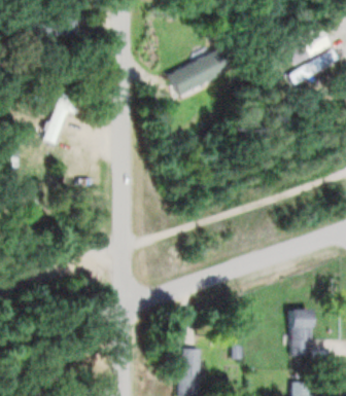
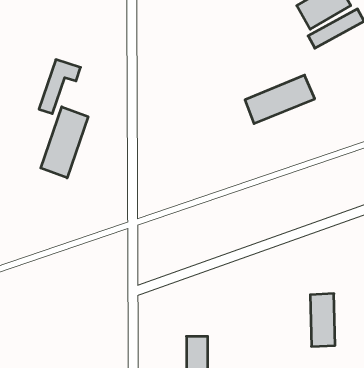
building: [169,49,233,94] -> [245,75,315,124]
building: none -> [41,107,88,178]

